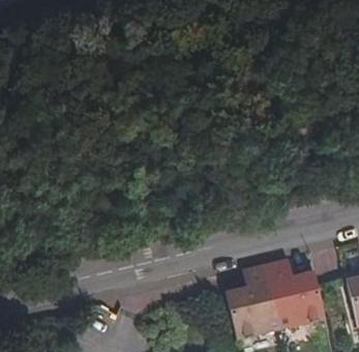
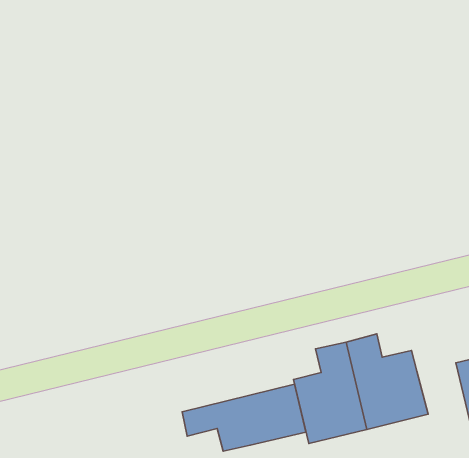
building: none -> [182,384,306,451]

